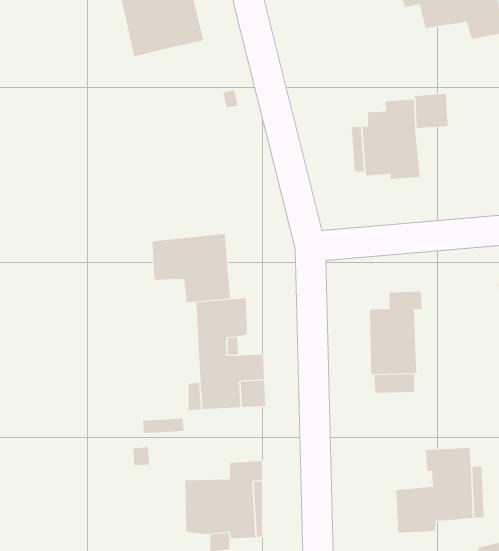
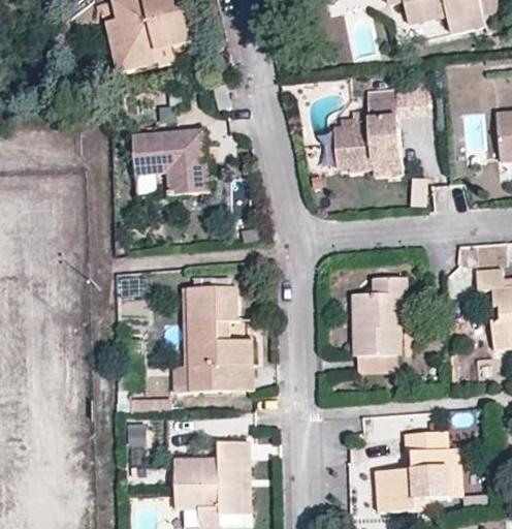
building: none -> [108,17,173,68]
building: [152,233,231,303] -> [131,126,206,192]

